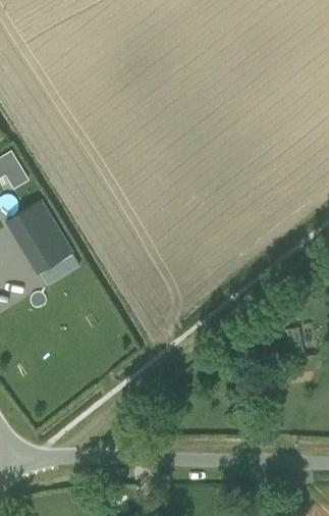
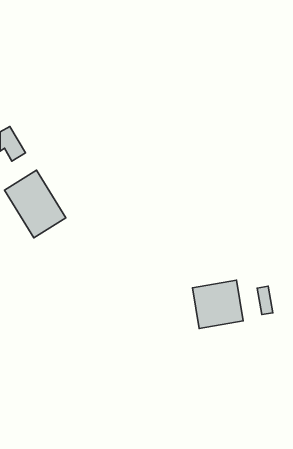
building: none -> [192,280,243,328]

